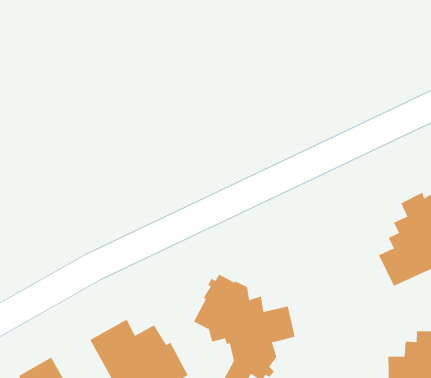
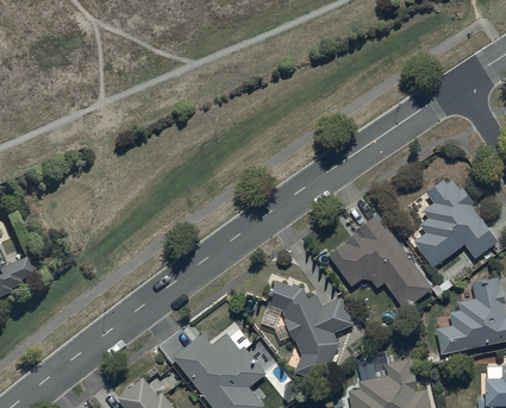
building: none -> [330,213,431,309]

